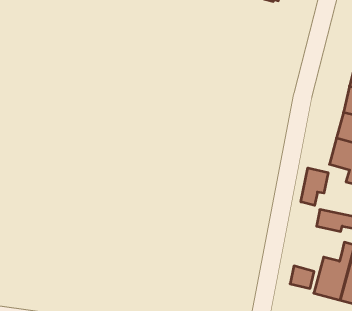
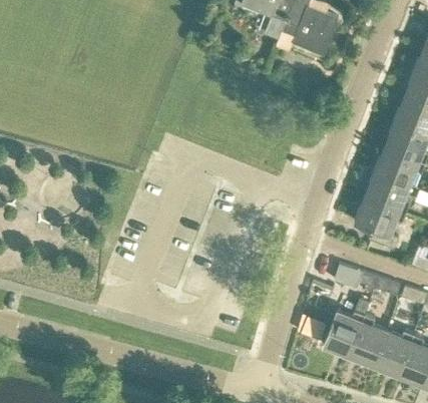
building: [301,168,328,205] -> none

